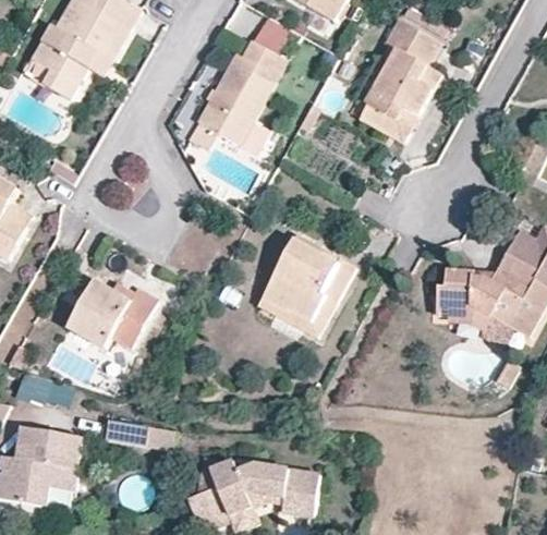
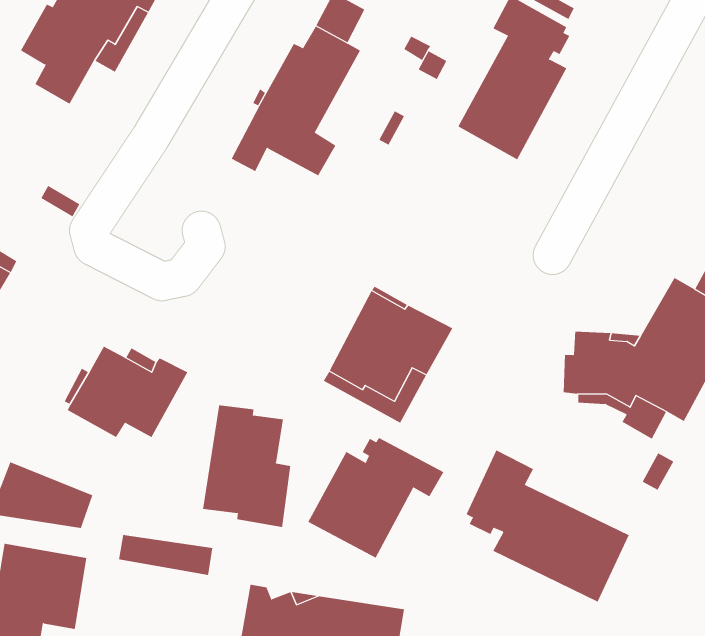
building: none -> [202,405,291,528]
building: none -> [307,437,444,559]
building: none -> [466,450,630,603]

